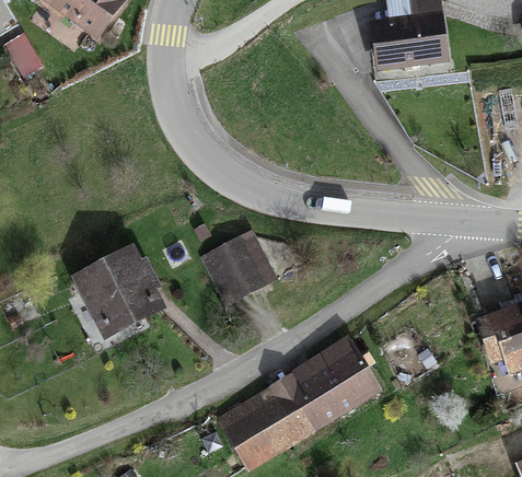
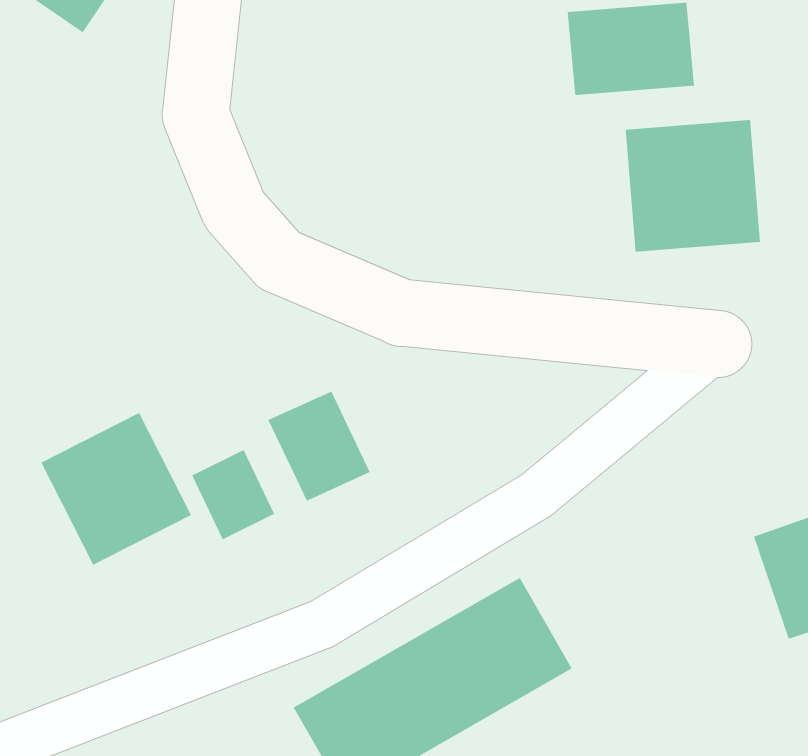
building: none -> [625,119,760,252]
building: none -> [192,449,275,540]

